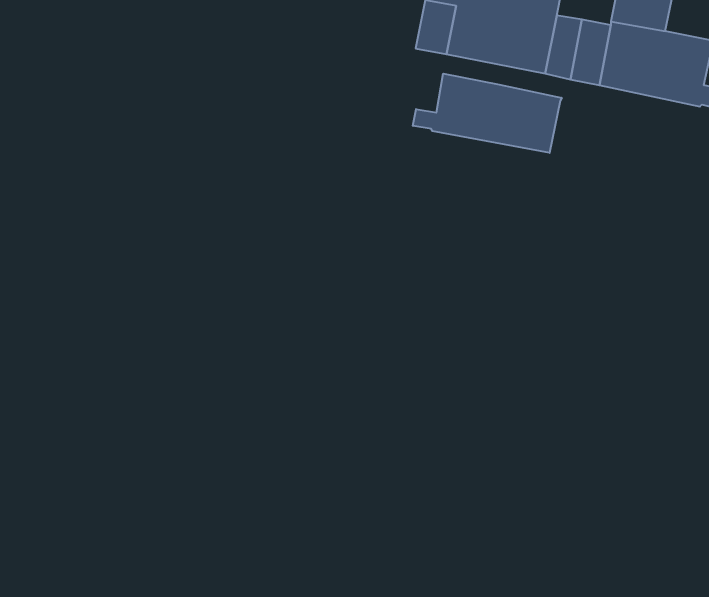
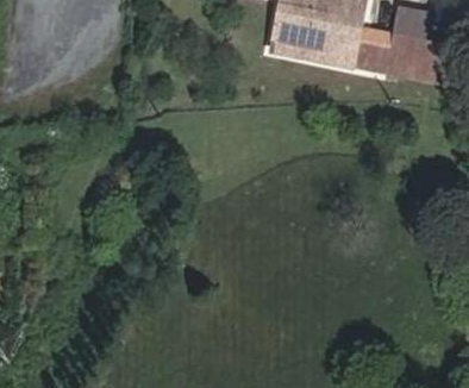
building: [413,74,562,153] -> none

